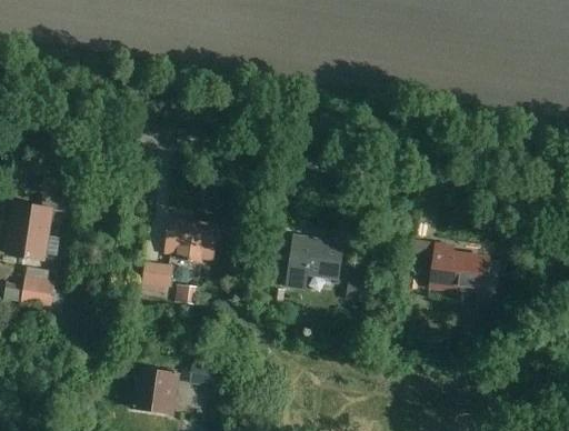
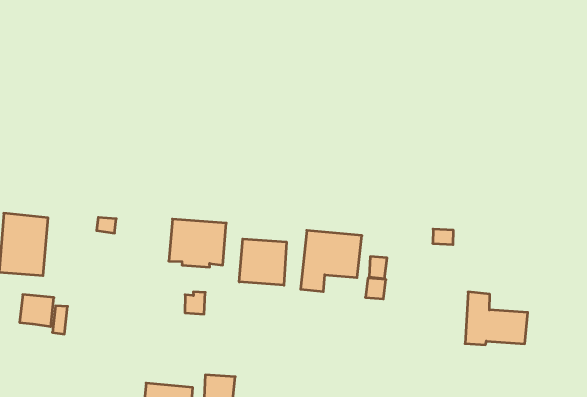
building: none -> [239,239,286,285]
building: [430,241,490,292] -> [465,292,528,345]
building: [142,262,174,292] -> none

